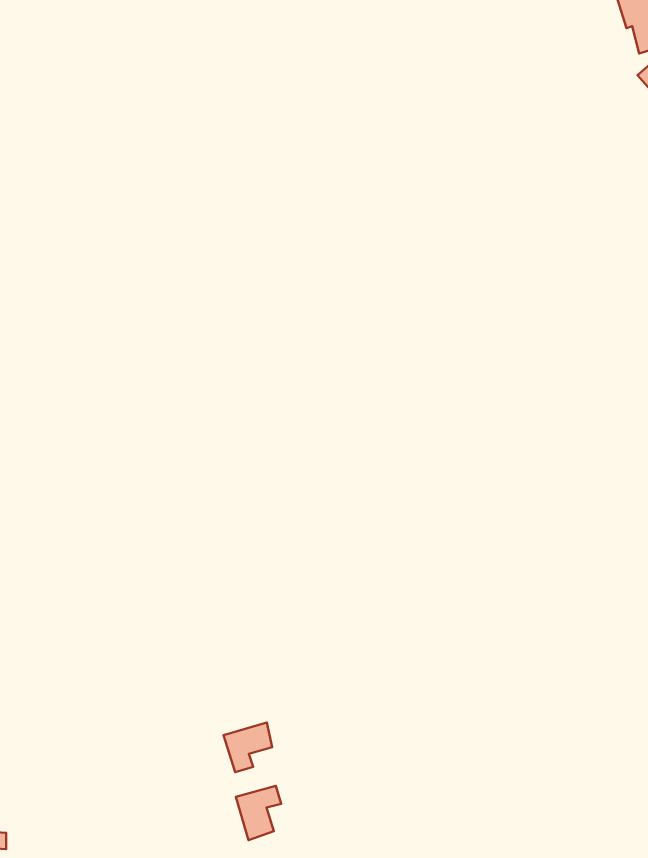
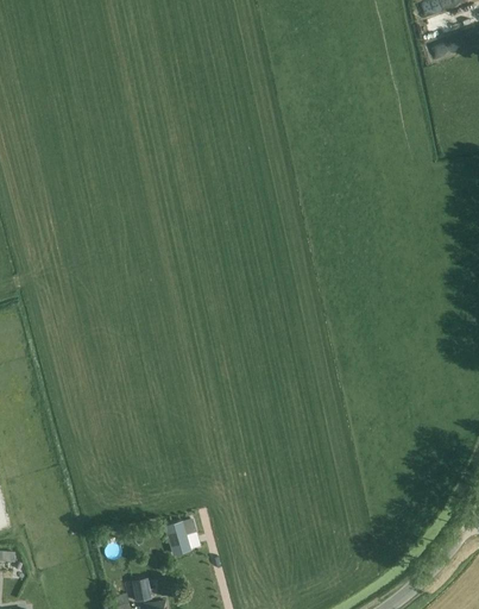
building: [224,723,272,772] -> none

